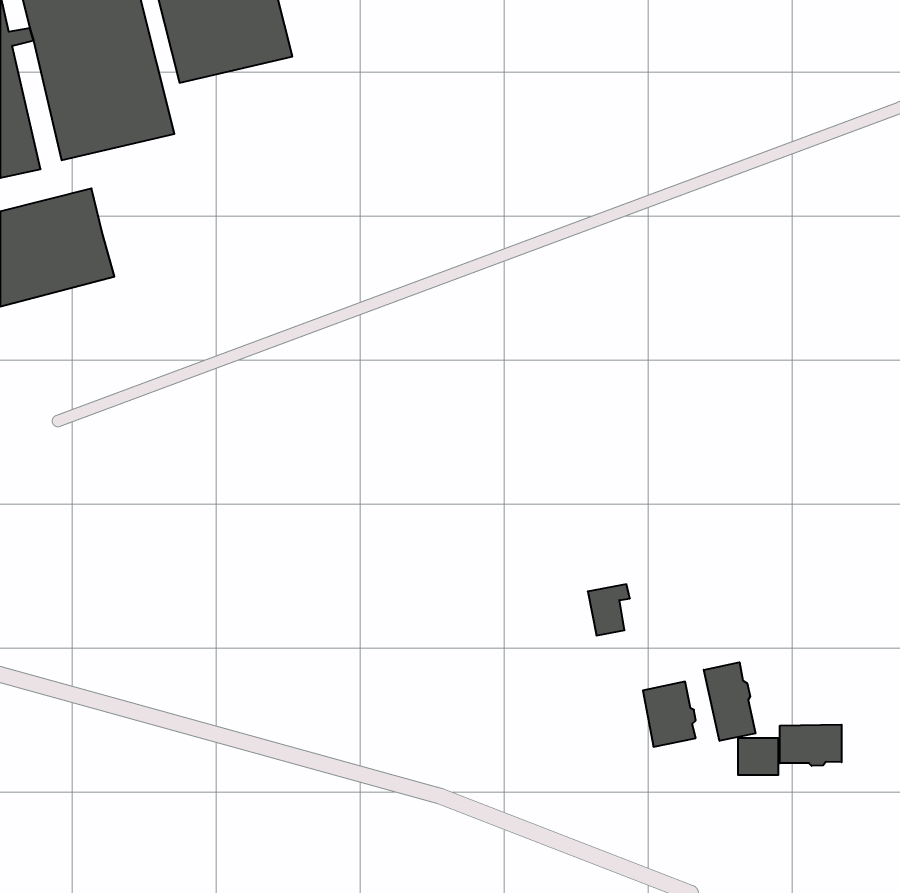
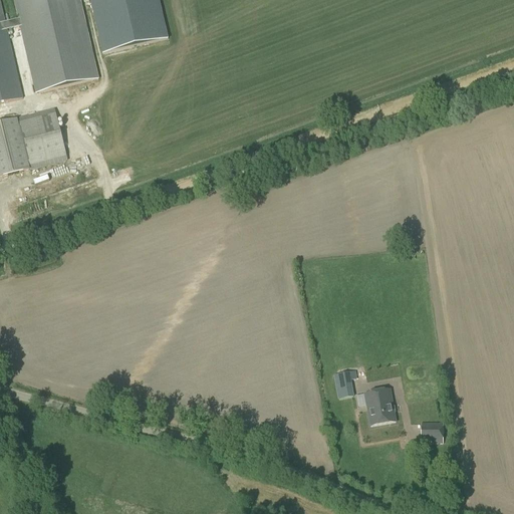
building: [588,584,630,635] -> [333,368,357,398]
building: [704,662,755,741] -> none
building: [780,725,842,766] -> none

